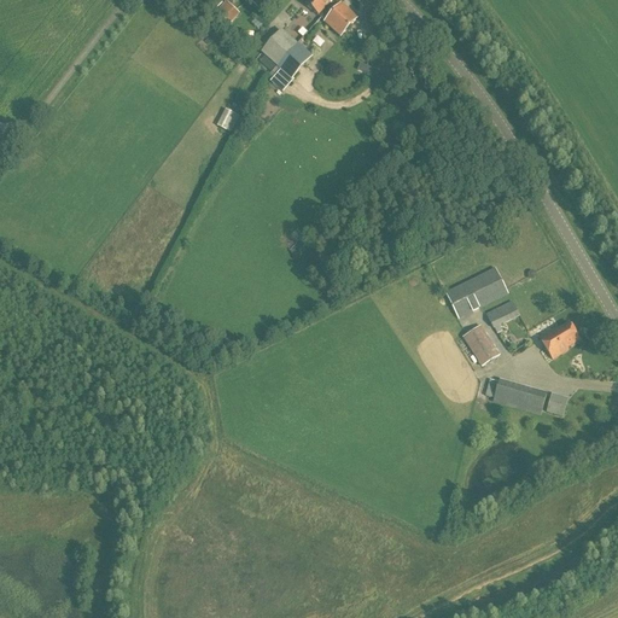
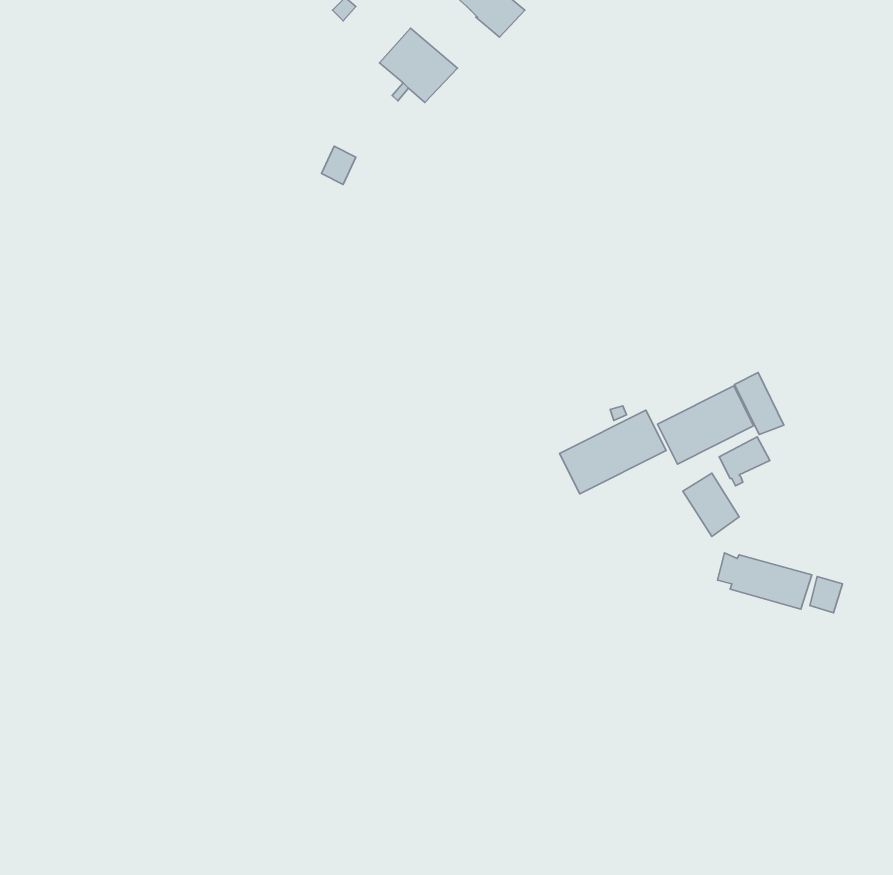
building: none -> [734,373,784,434]
building: none -> [560,410,666,494]
building: [538,321,578,357] -> none

